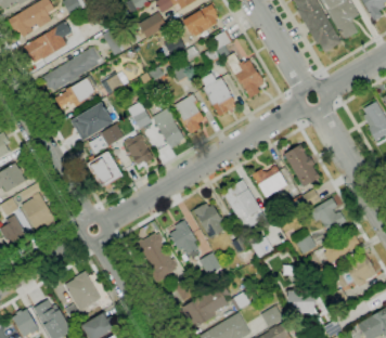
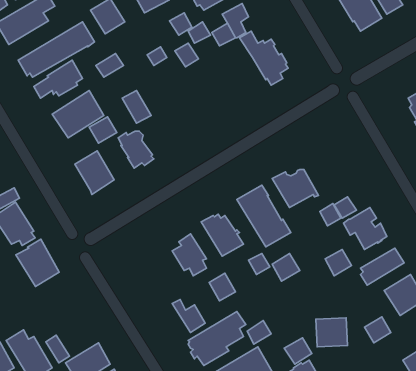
building: [201,73,235,116] -> none
building: [173,94,204,133] -> none
building: [152,107,183,148] -> none
building: [283,144,319,187] -> none
building: [133,233,178,282] -> none
building: [64,272,100,311] -> [16,239,59,286]

